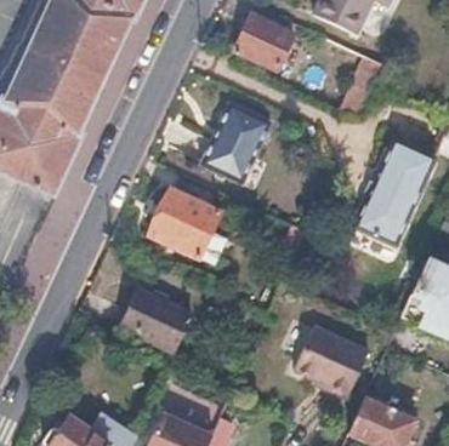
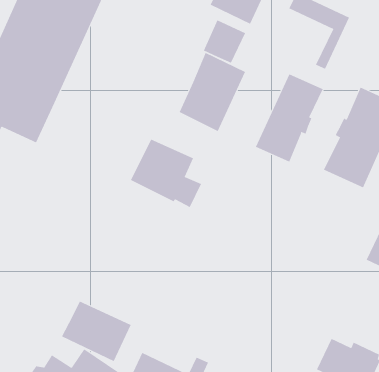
building: none -> [203,20,246,64]
building: none -> [255,73,324,163]
building: [119,287,193,351] -> [61,301,132,362]
building: [295,327,369,399] -> none

